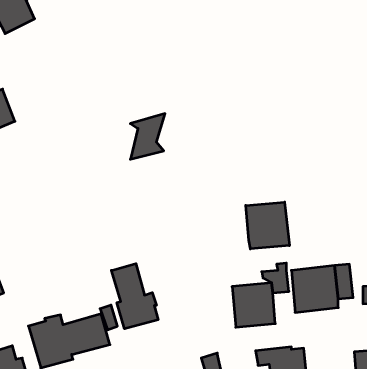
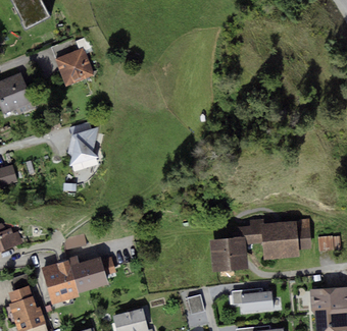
building: none -> [54,48,93,87]
building: [130,114,165,159] -> [69,125,98,163]
building: [246,202,289,249] -> none
building: [111,264,158,329] -> none

